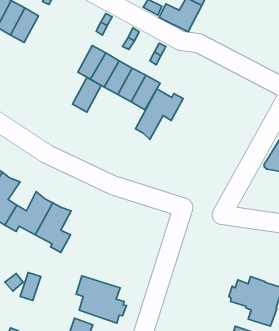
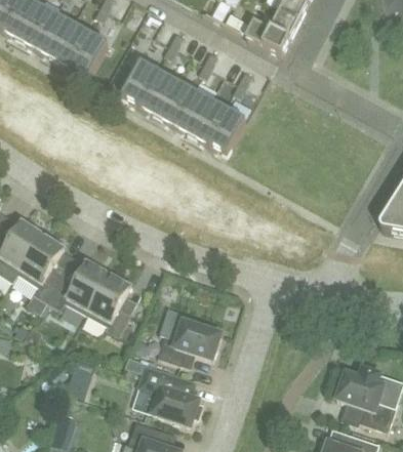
building: none -> [72,33,109,77]
building: [72,78,101,112] -> [122,60,159,105]
building: [135,89,183,139] -> none
building: none -> [158,305,223,363]

